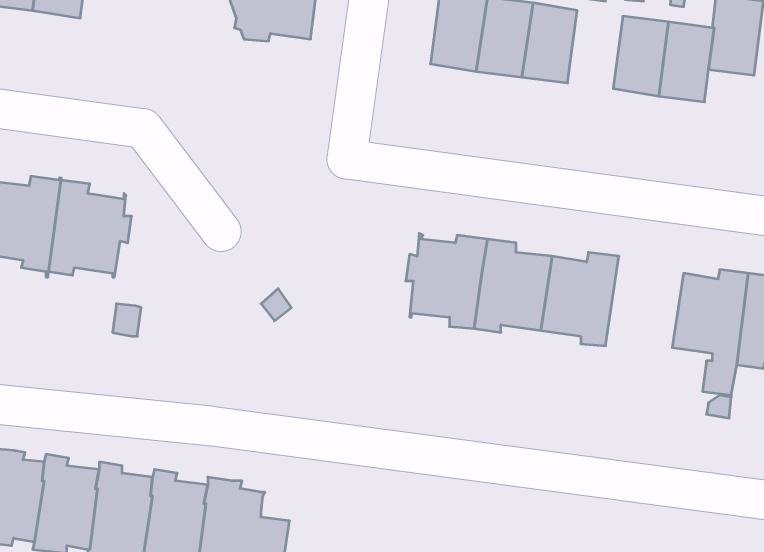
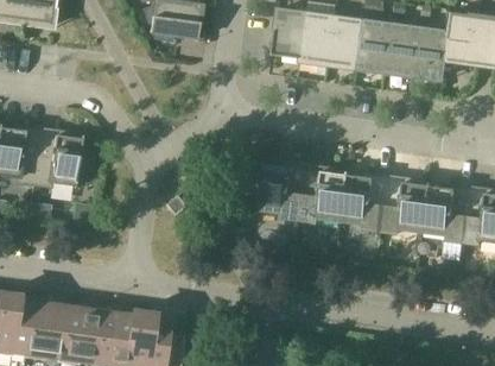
building: none -> [356,21,391,70]
building: none -> [380,175,429,233]

